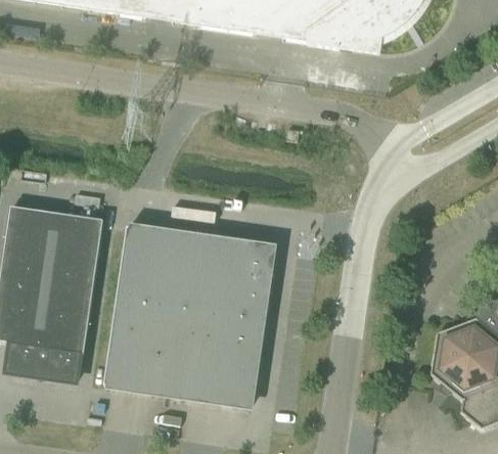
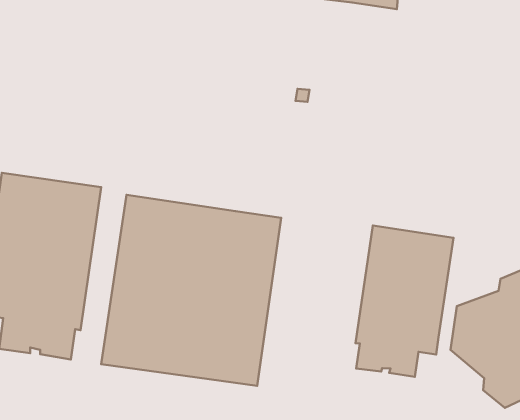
building: none -> [355,226,453,377]

